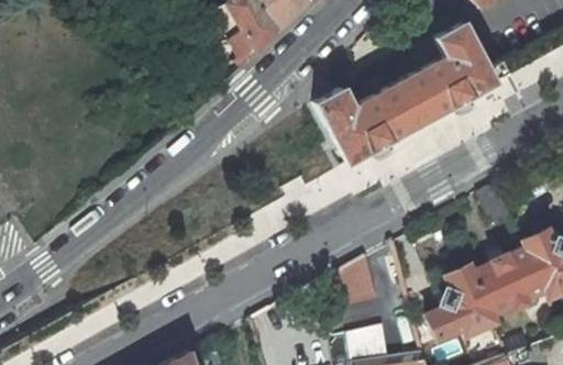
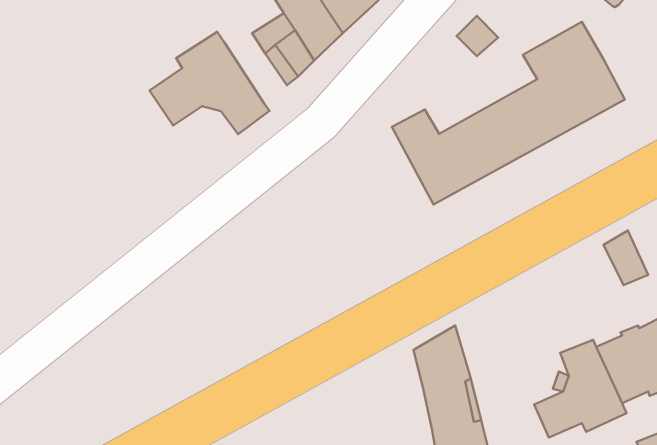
building: none -> [149,32,270,134]

